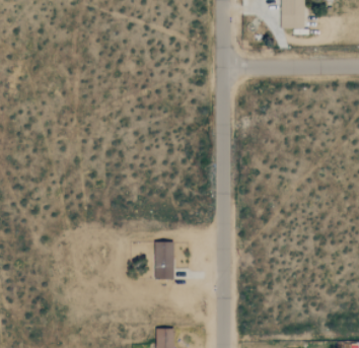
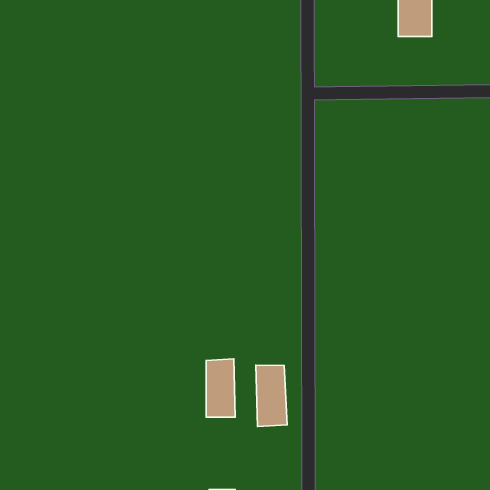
building: none -> [256,365,287,426]

